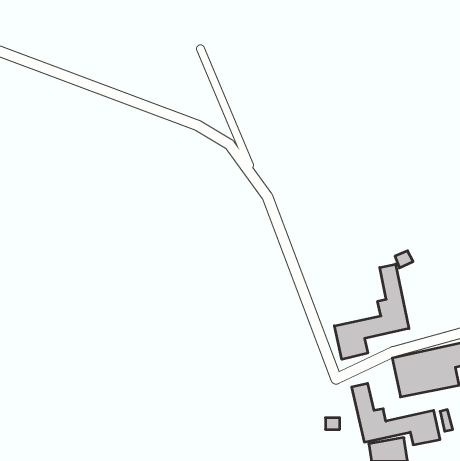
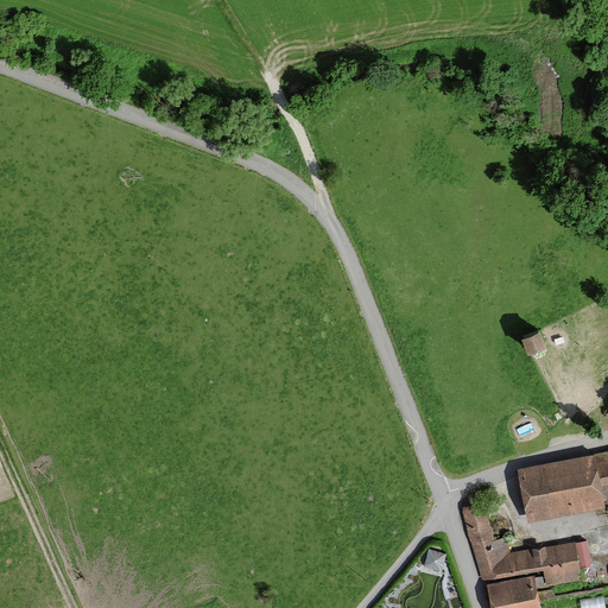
building: [334,264,409,359] -> none

